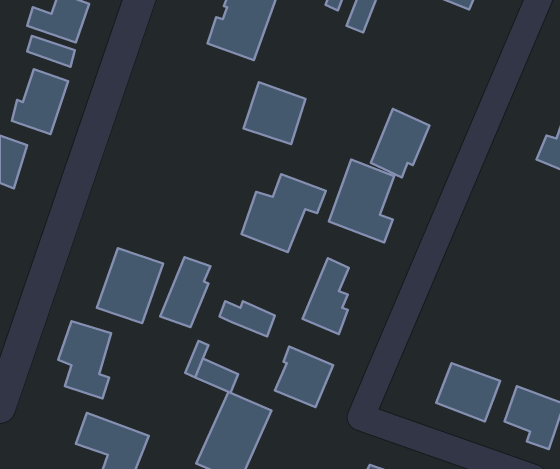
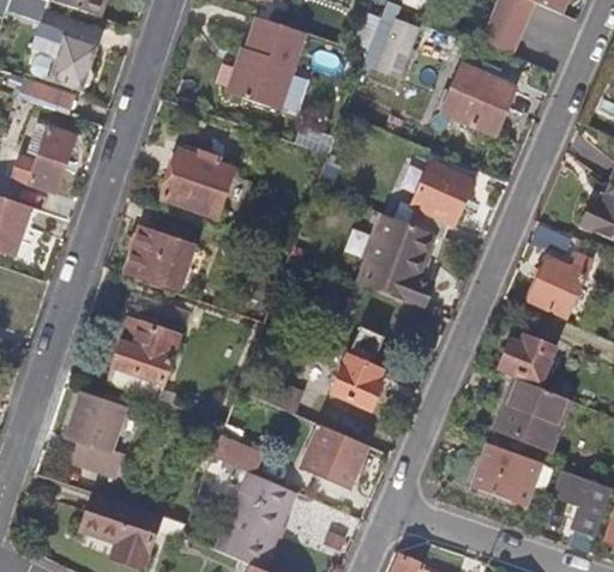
building: none -> [440,68,511,136]
building: [243,82,305,144] -> [164,150,231,217]
building: none -> [126,225,192,284]
building: [241,174,326,252] -> none
building: none -> [531,251,585,311]
building: [160,257,211,327] -> none
building: none -> [500,327,549,373]
building: none -> [498,373,572,445]

